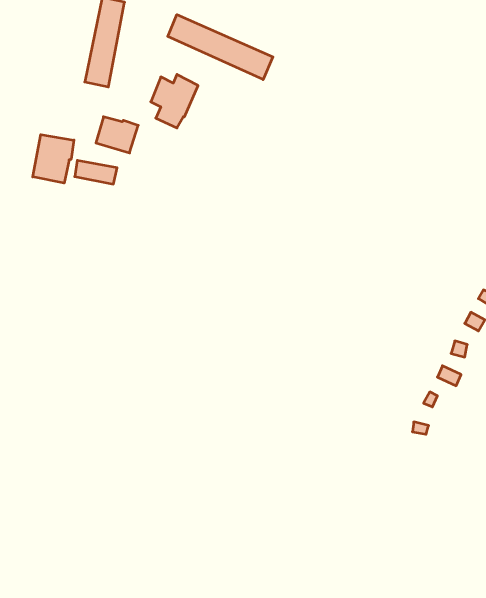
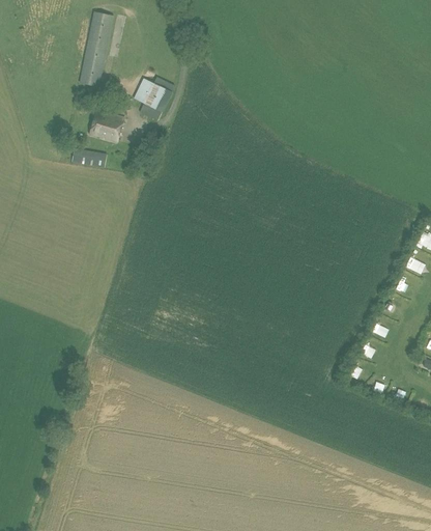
building: [168,15,273,80] -> none
building: [33,135,74,183] -> none

